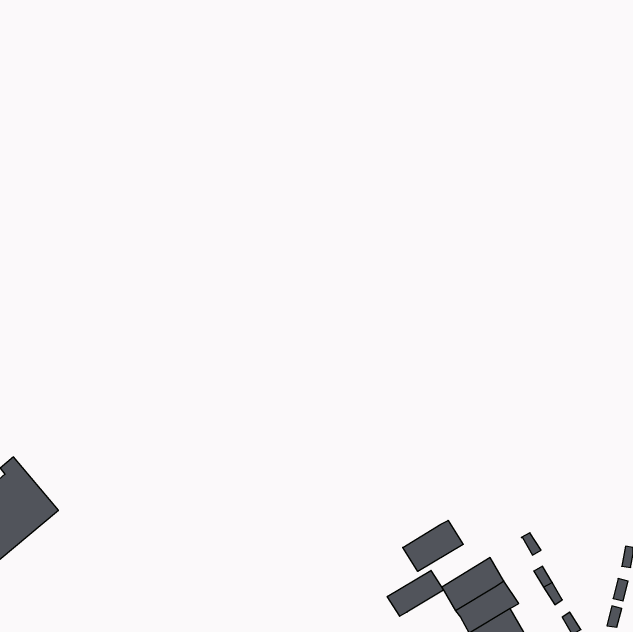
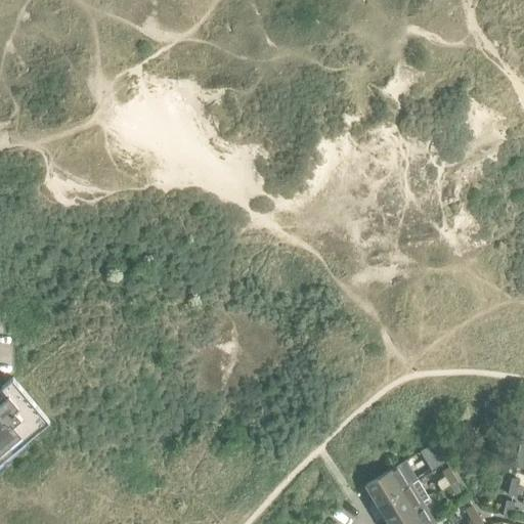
building: [403,520,463,571] -> none
building: [387,570,443,616] -> none

